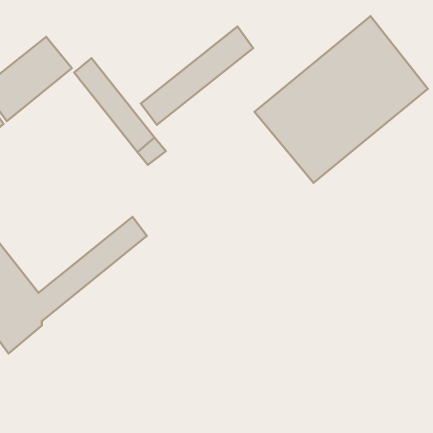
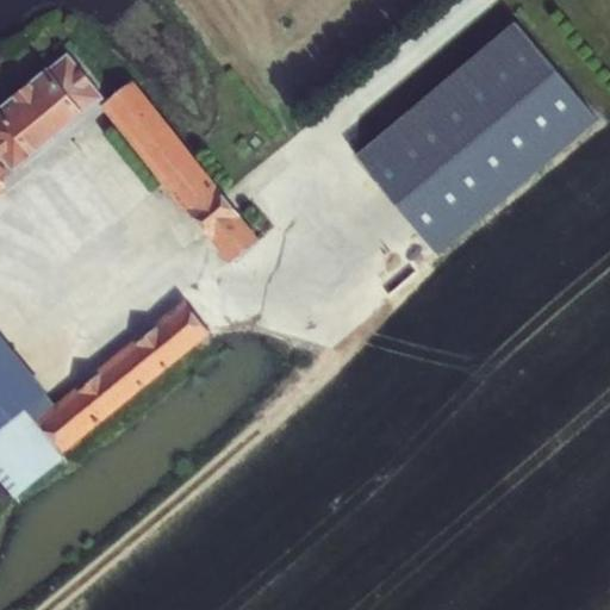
building: [141,27,253,125] -> none
building: none -> [206,211,254,259]

